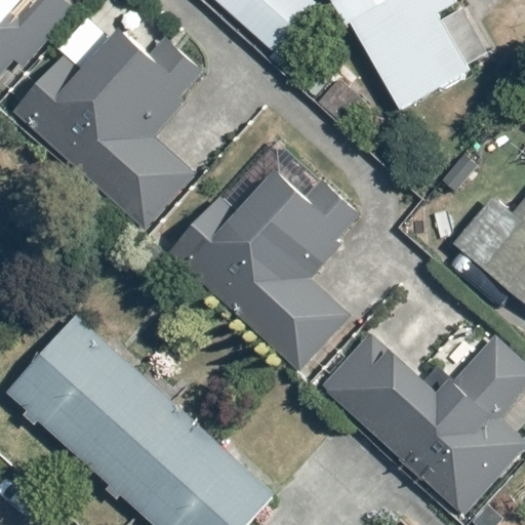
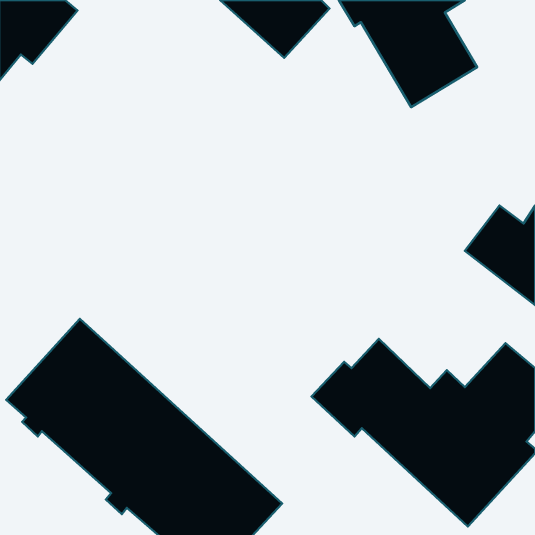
building: [10,31,214,227] -> none
building: [171,173,362,367] -> none

